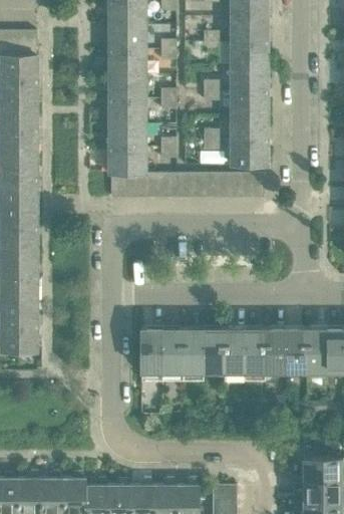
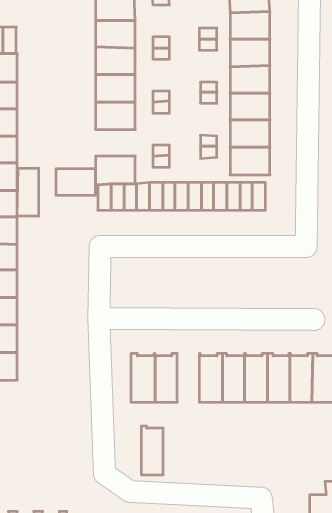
building: [108,124,144,149] -> [56,169,96,195]
building: none -> [17,168,39,216]
building: [183,328,203,372] -> [141,426,163,475]

